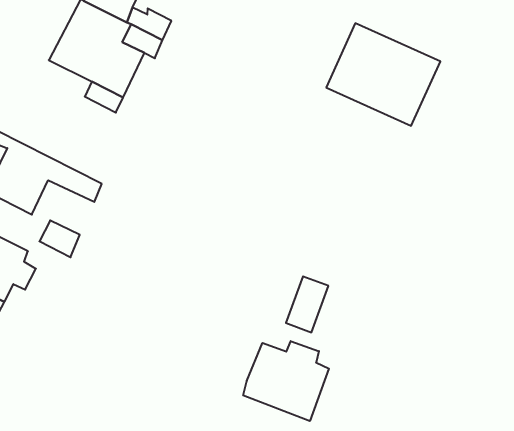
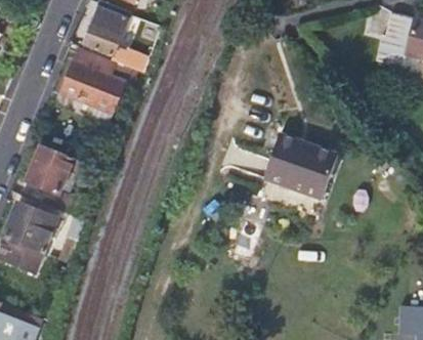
building: [326,23,440,126] -> [263,129,338,195]
building: [243,341,329,421] -> none

